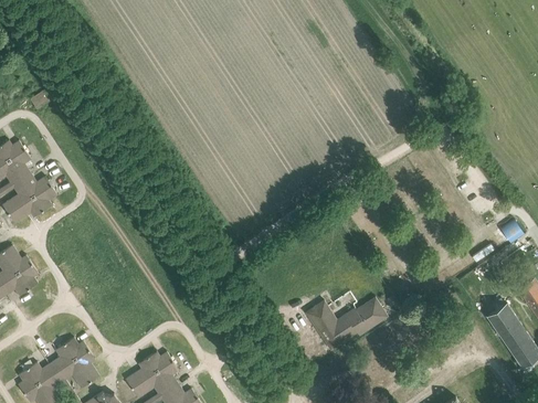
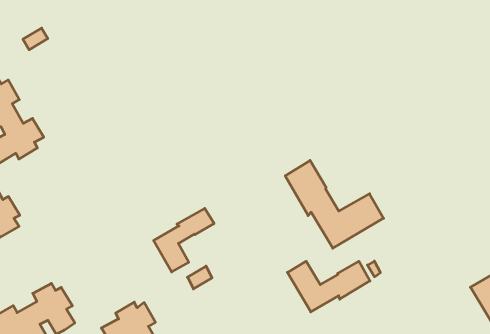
building: none -> [285,160,384,248]
building: none -> [154,208,214,272]

